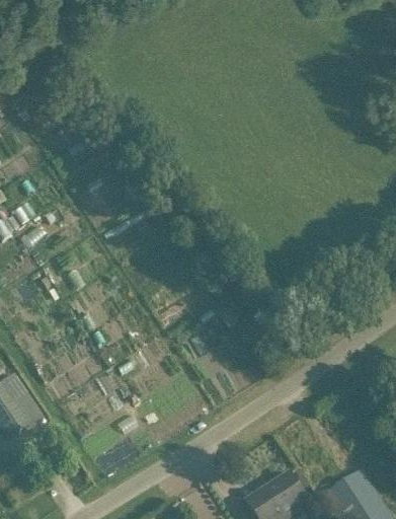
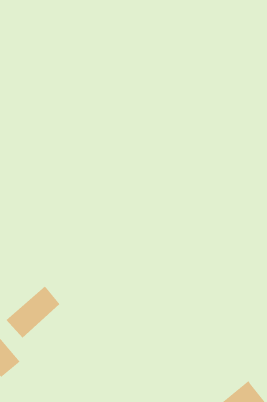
building: none -> [6,286,60,339]

